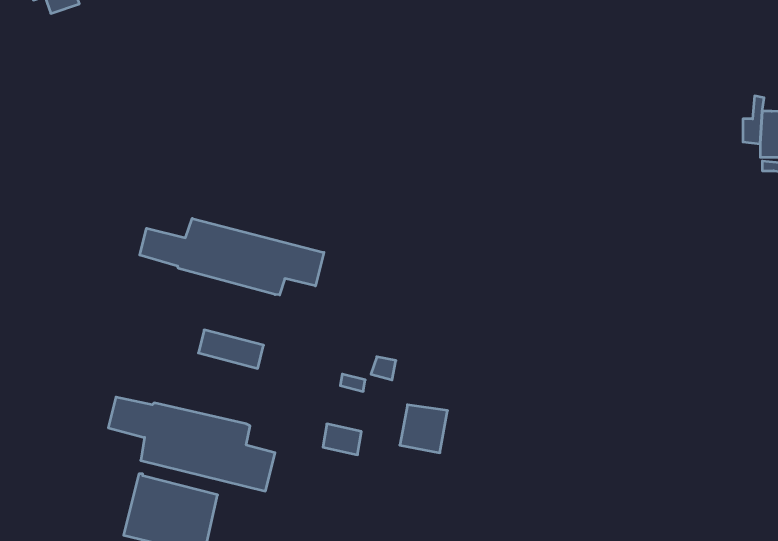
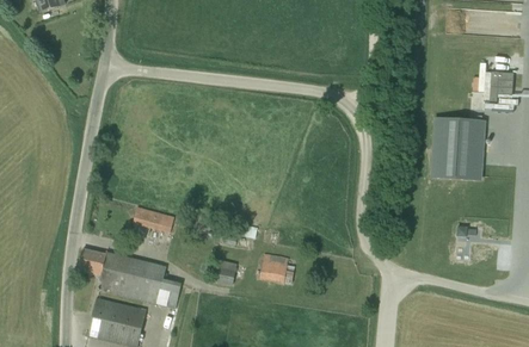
building: none -> [430,116,486,179]
building: [140,218,324,295] -> none

